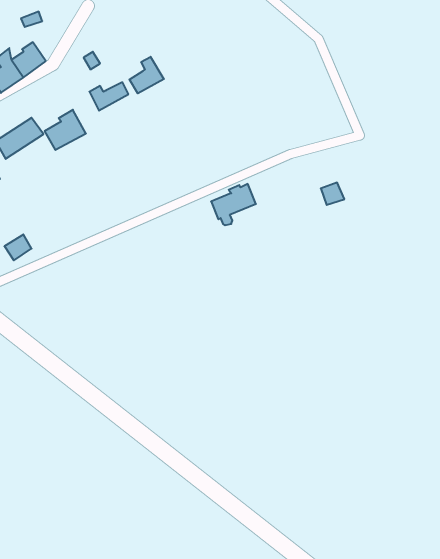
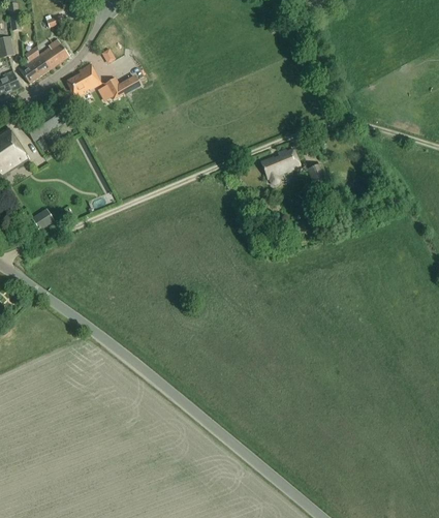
building: [129,57,164,93] -> none
building: [45,110,86,150] -> [65,62,101,97]
building: [211,184,256,225] -> [260,147,300,183]

